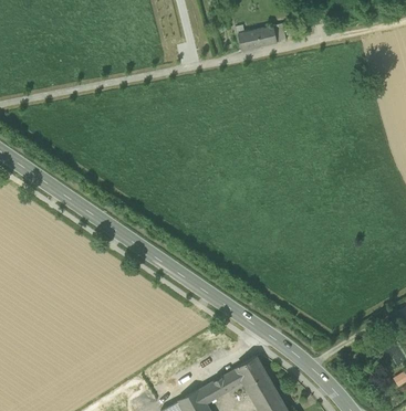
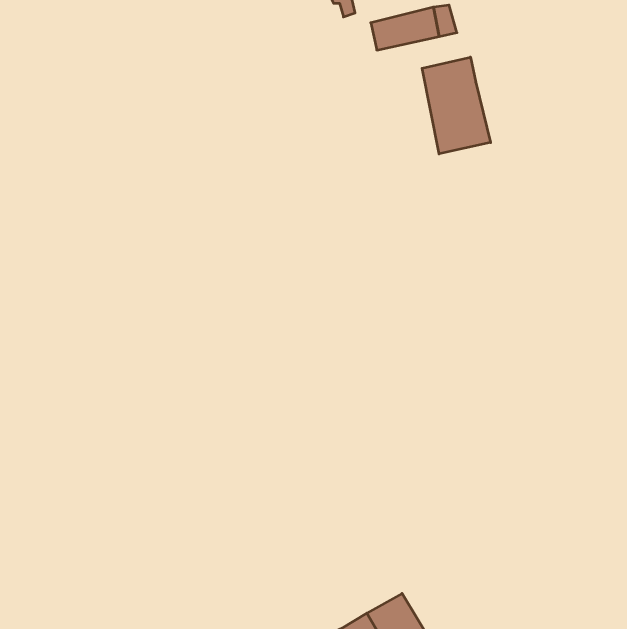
building: none -> [422,57,491,154]

